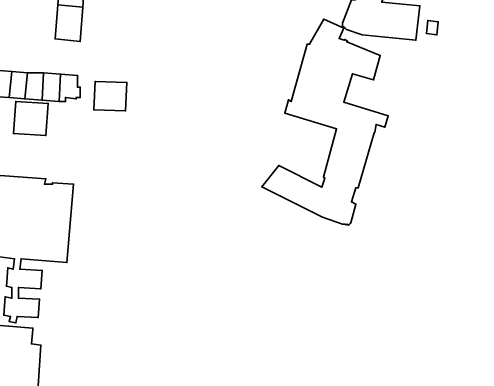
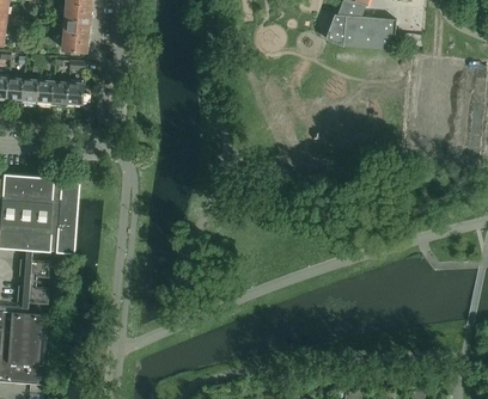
building: [262,19,388,225] -> none
building: [94,82,127,111] -> none
building: [13,102,48,135] -> none

